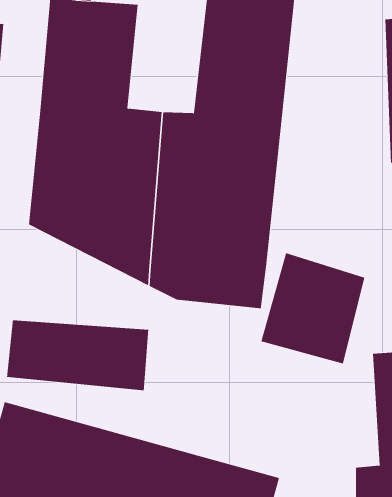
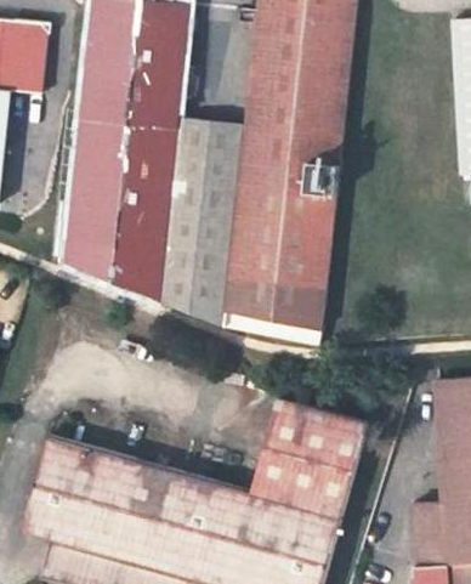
building: [260,252,365,364] -> [250,395,362,514]
building: [7,320,149,391] -> none

